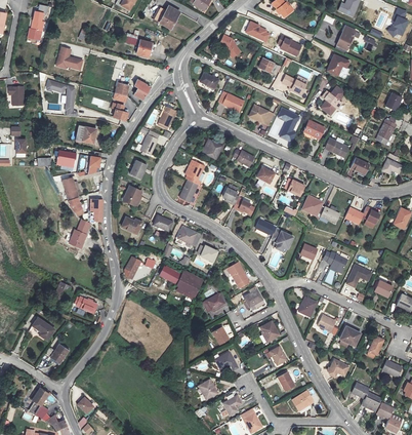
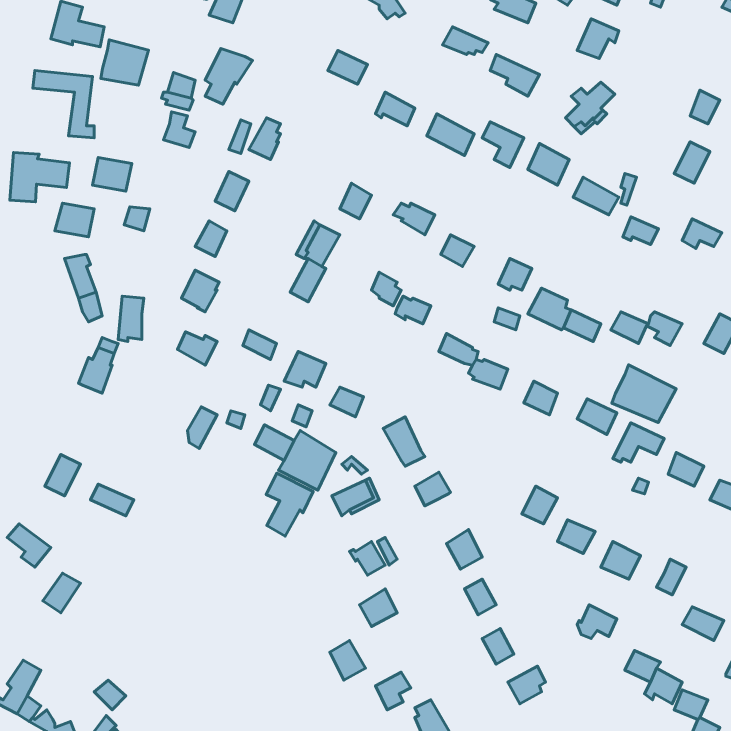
building: none -> [101,40,149,85]
building: none -> [10,152,70,202]
building: none -> [612,365,676,423]
building: none -> [266,473,313,536]

